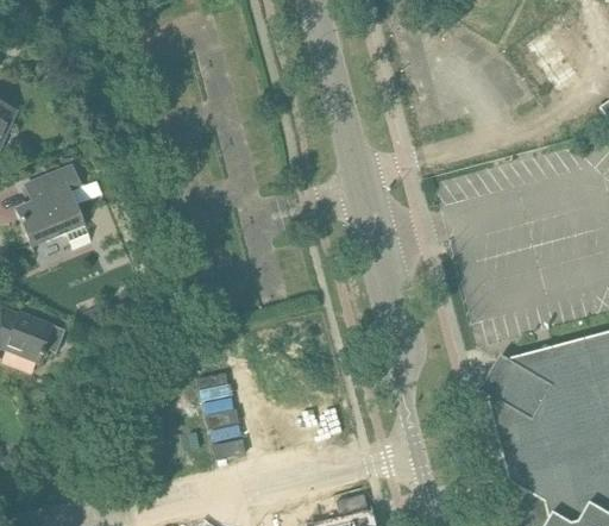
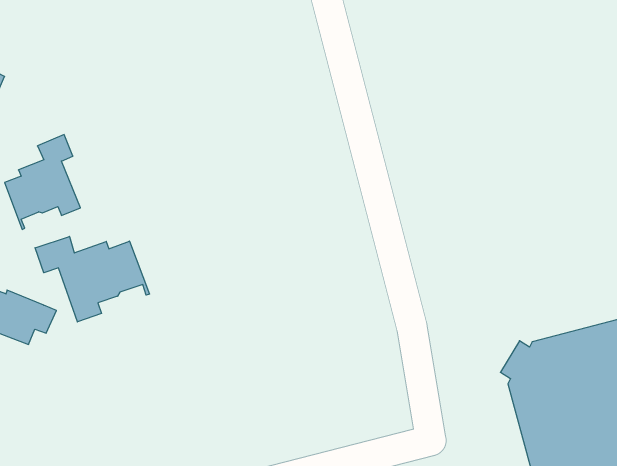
building: none -> [35,236,150,322]

